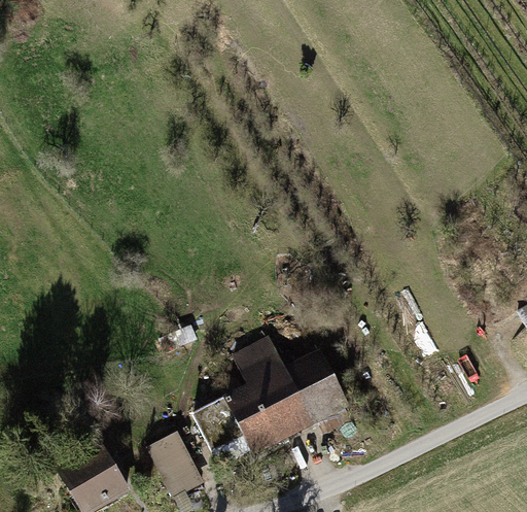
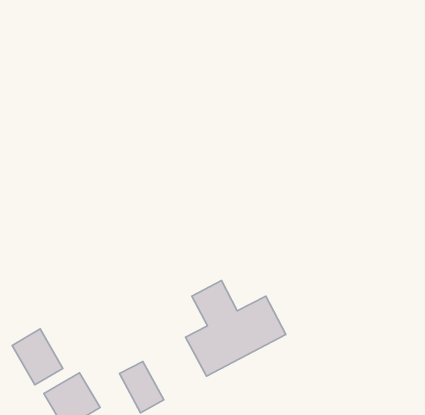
building: none -> [12,329,63,385]
building: [195,399,252,467] -> none

